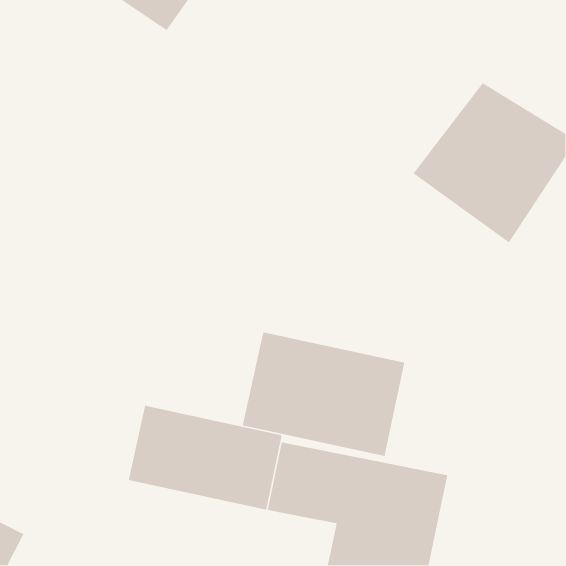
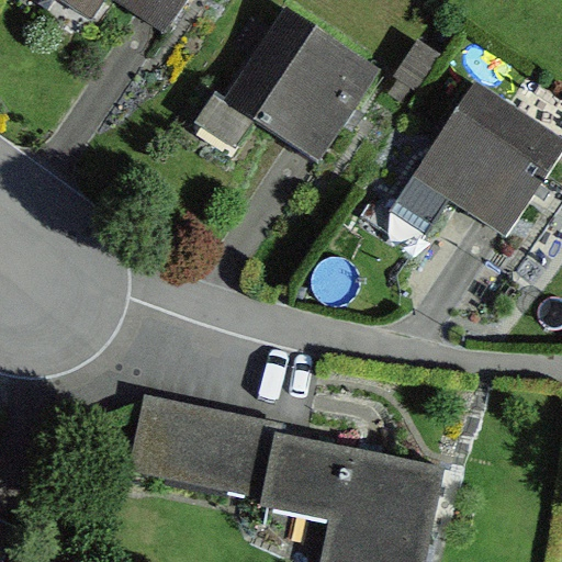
building: none -> [221,8,384,166]
building: [242,332,405,457] -> none

